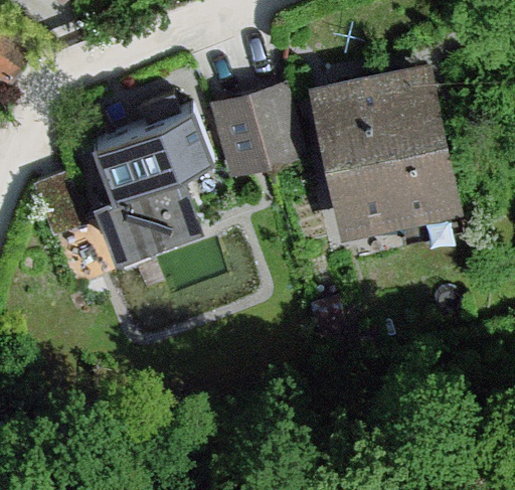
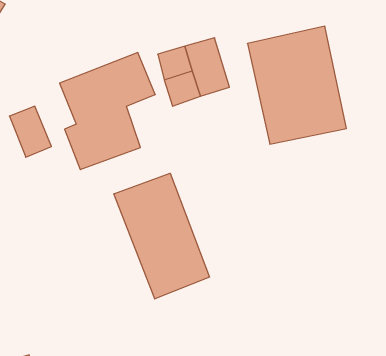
building: none -> [114,173,210,299]

